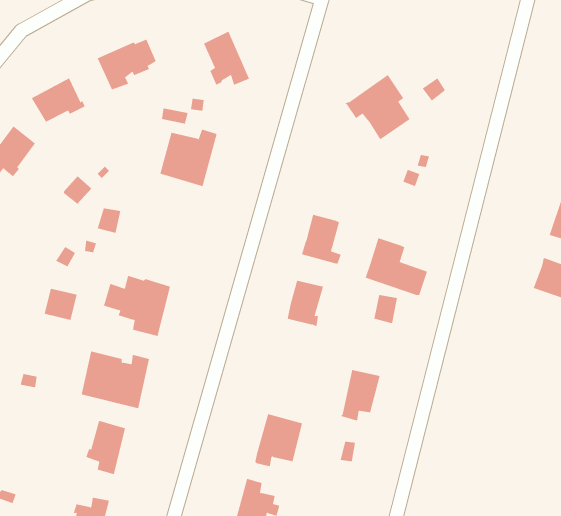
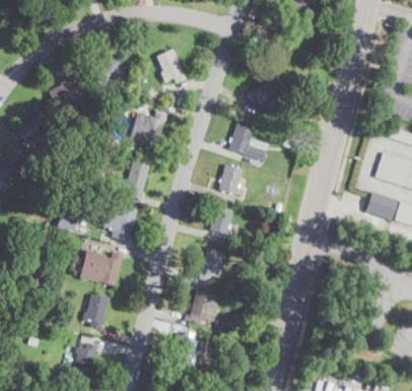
building: none -> [124,161,149,196]
building: [365,238,428,296] -> [229,124,269,160]
building: [340,369,380,421] -> [199,249,224,281]

